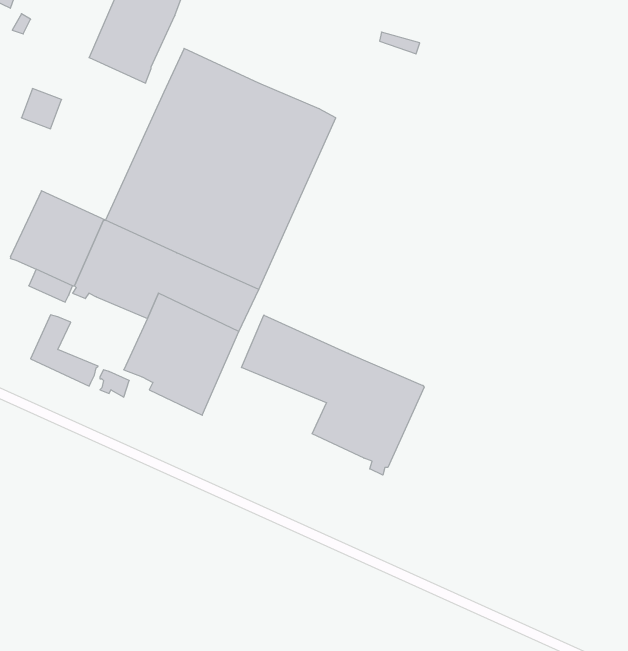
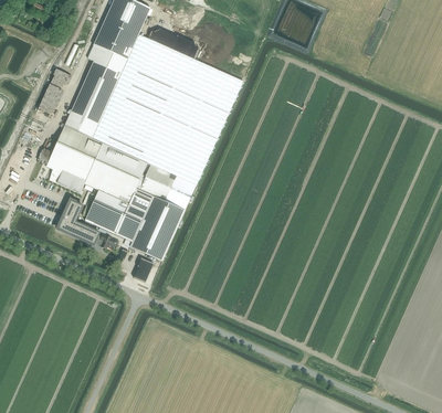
building: none -> [63,33,150,142]
building: none -> [84,189,128,233]
building: [242,315,424,475] -> none

